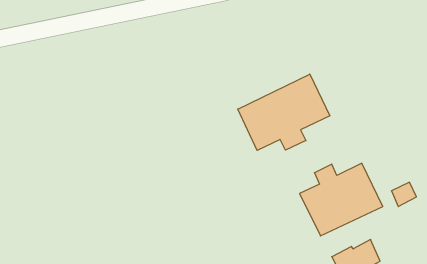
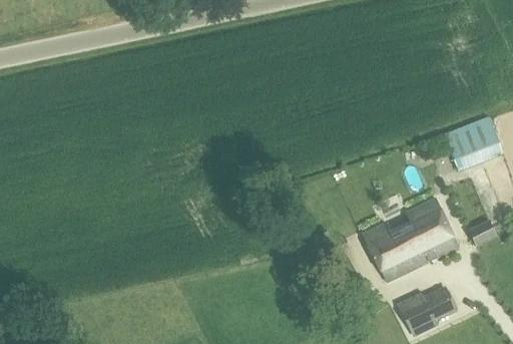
building: [238,74,330,150] -> none
building: none -> [443,117,503,170]

